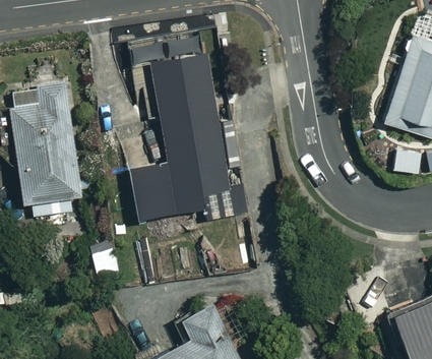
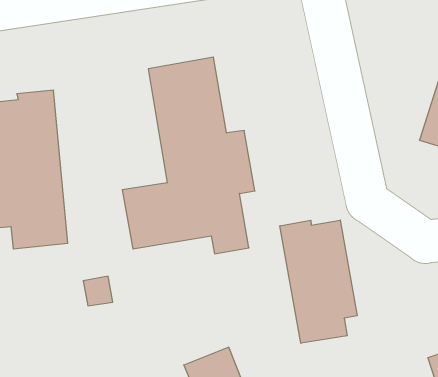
building: none -> [280,220,357,343]

